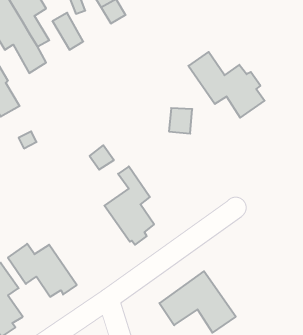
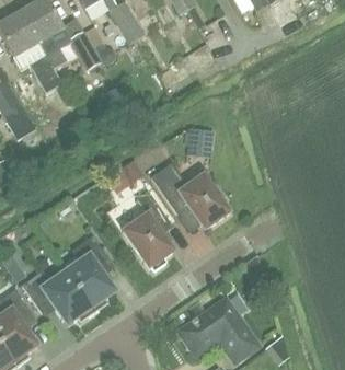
building: [188,52,265,118] -> [151,161,230,229]
building: none -> [66,234,116,312]

